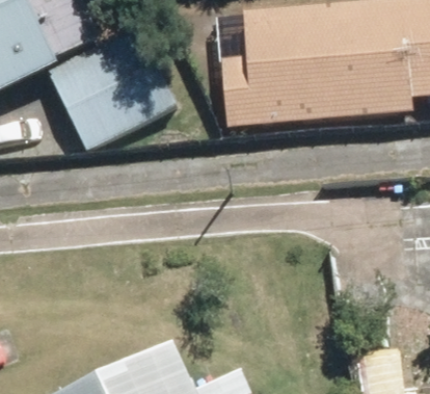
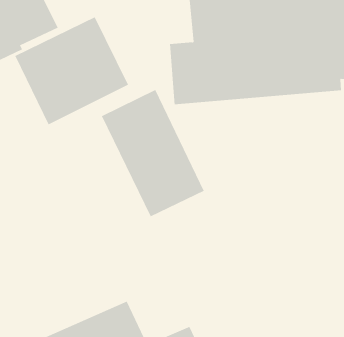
building: none -> [101,89,205,217]

